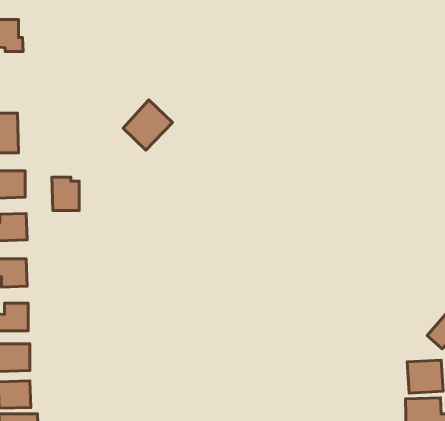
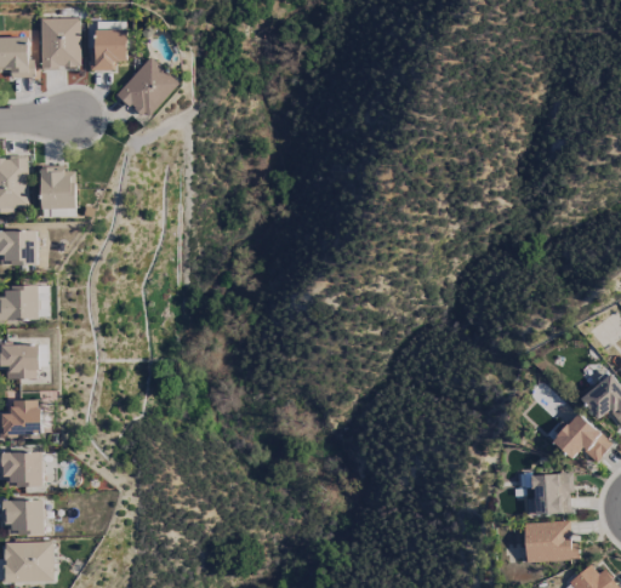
building: none -> [40,18,80,68]
building: none -> [89,29,126,70]
building: [123,100,172,150] -> [116,56,180,120]
building: [52,177,79,210] -> [40,166,75,209]

